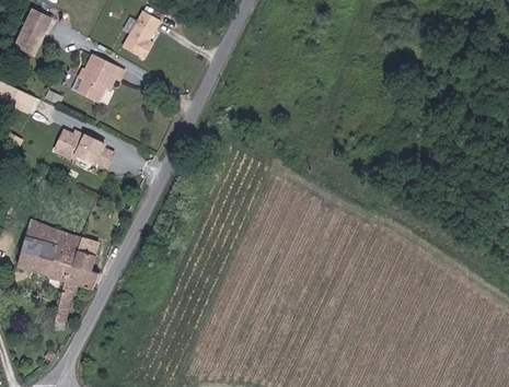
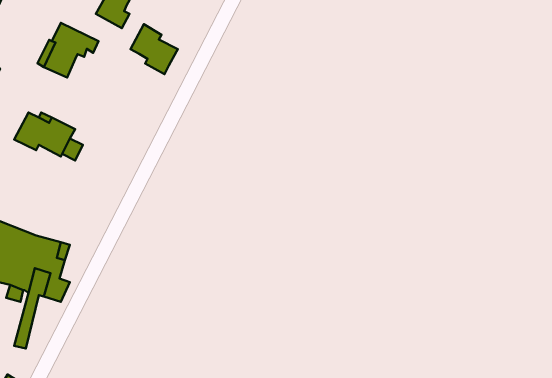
building: none -> [130,24,178,74]

